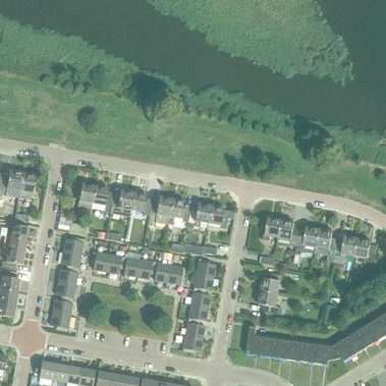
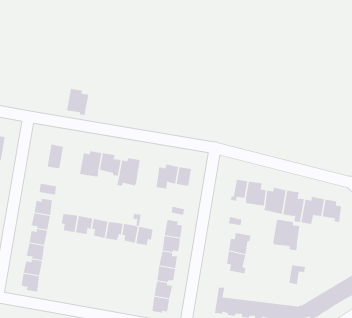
building: [90,184,113,212] -> [66,88,89,116]
building: [167,198,189,224] -> none
building: none -> [273,219,300,251]

